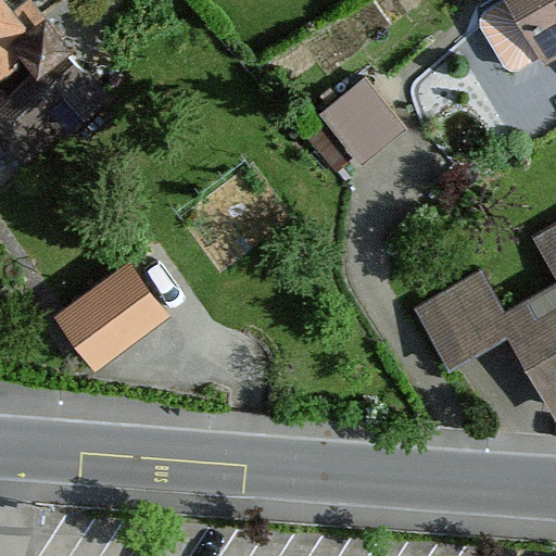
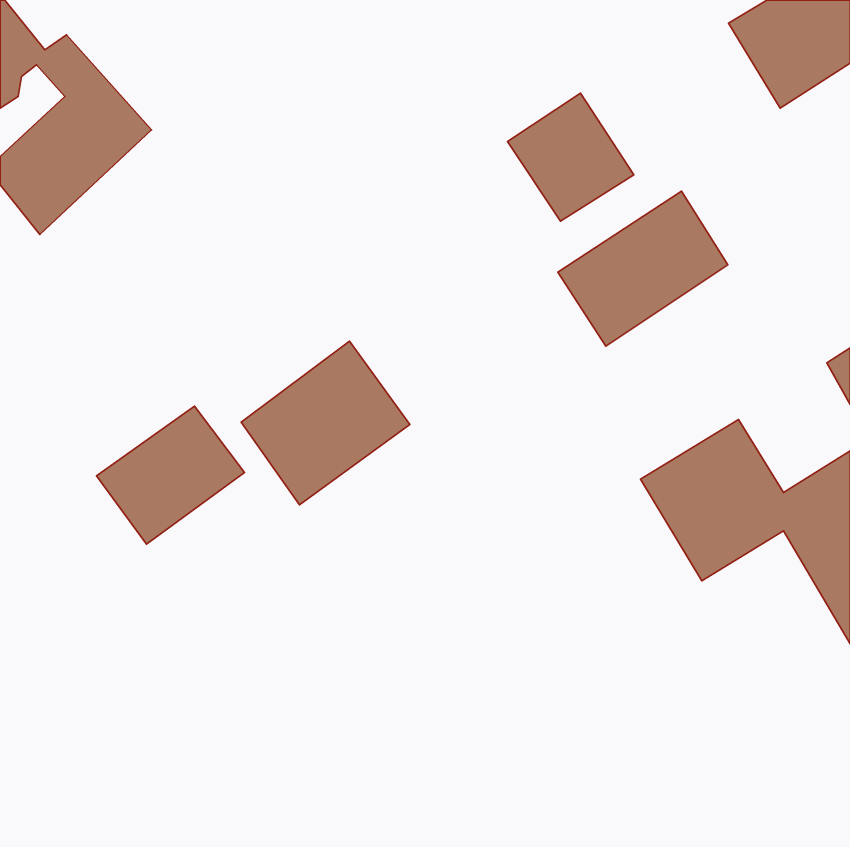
building: none -> [558,191,728,346]
building: none -> [241,341,410,505]

